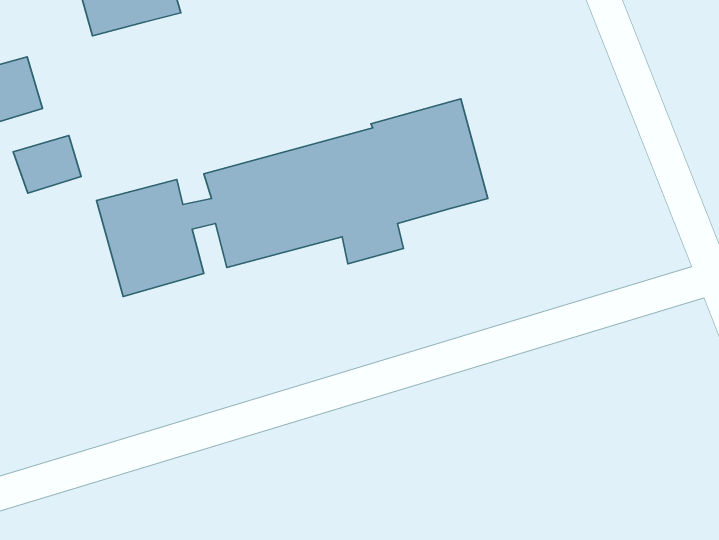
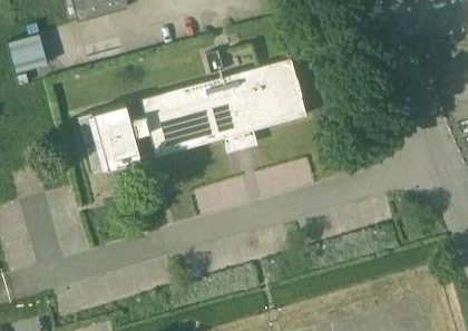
building: [13,136,81,193] -> none

